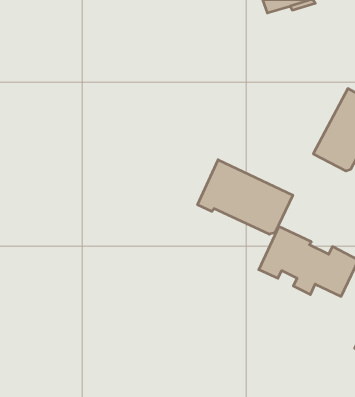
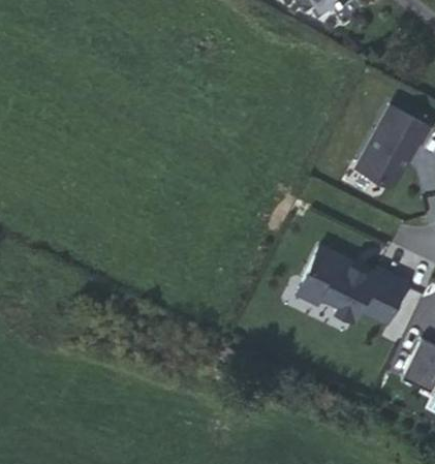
building: [198,160,293,234] -> none

